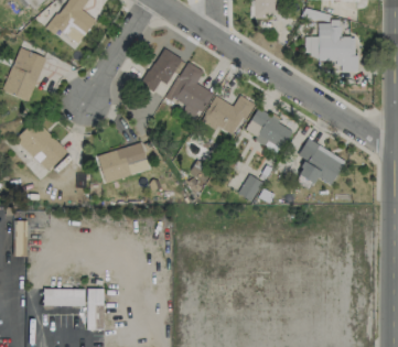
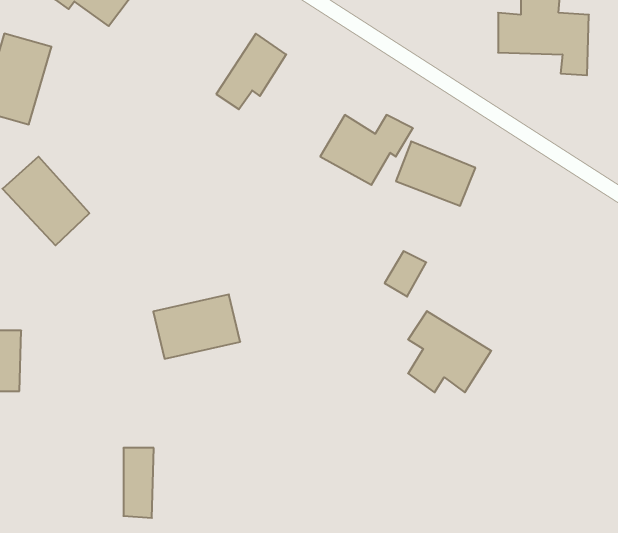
building: [169,62,213,120] -> none
building: [298,139,346,186] -> [408,311,491,392]
building: [98,144,149,182] -> [153,294,240,359]
building: [44,290,86,306] -> none

